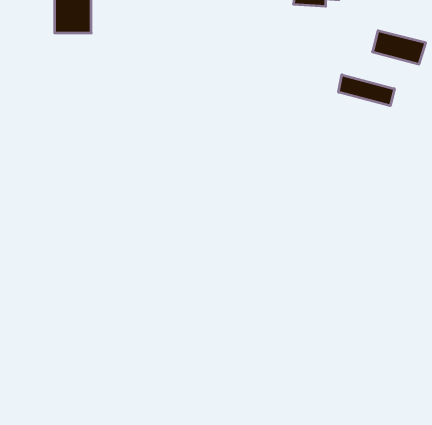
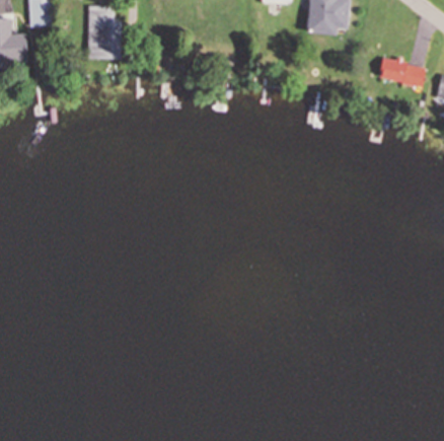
building: [339,75,394,106] -> none

